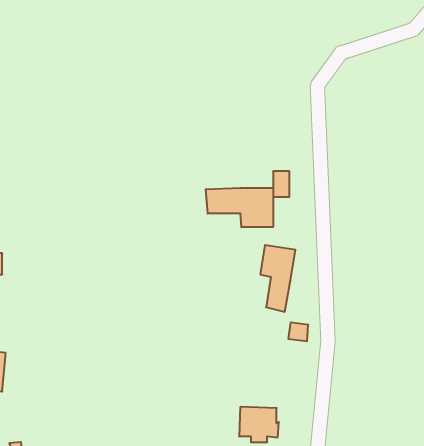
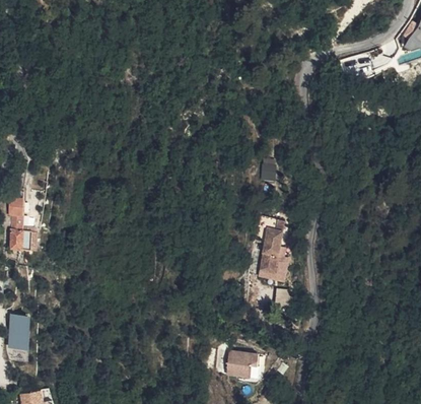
building: [206,188,273,227] -> none
building: none -> [256,252,286,285]

